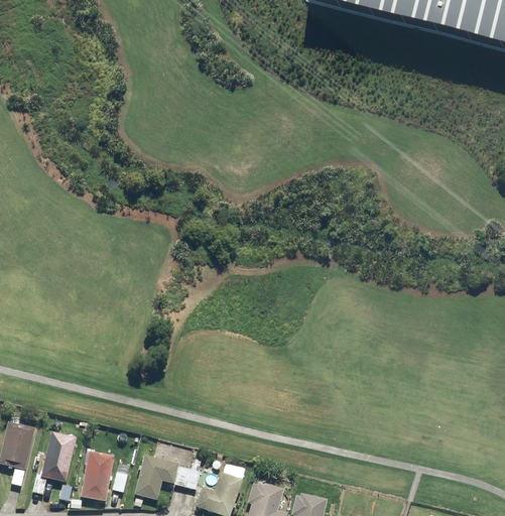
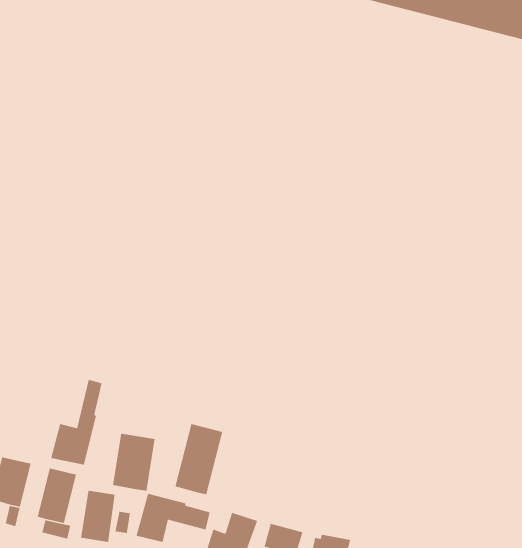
building: none -> [50,379,103,465]
building: none -> [174,423,223,495]
building: none -> [112,433,156,491]

